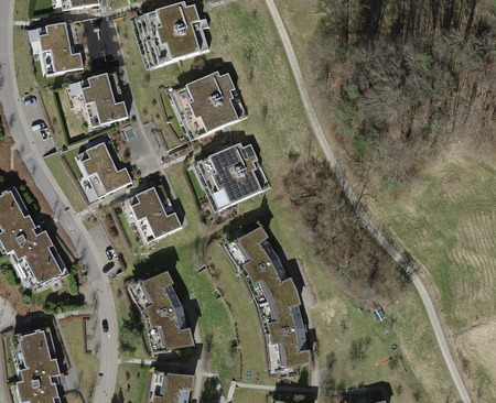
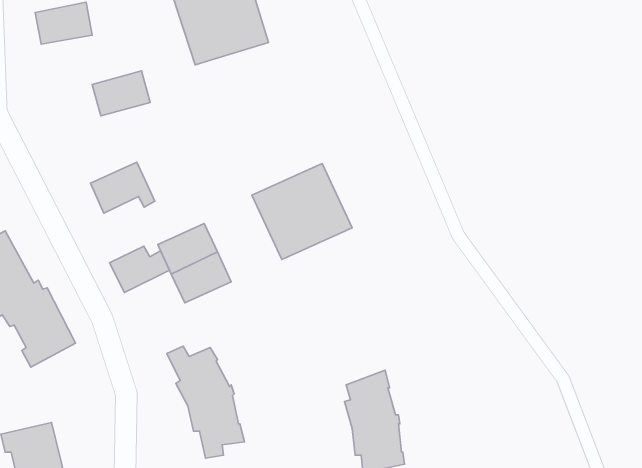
building: [41,44,83,74] -> none
building: [173,67,246,138] -> none
building: [85,94,128,127] -> none
building: [87,163,131,197] -> [110,246,169,293]
building: [228,229,294,302] -> none

